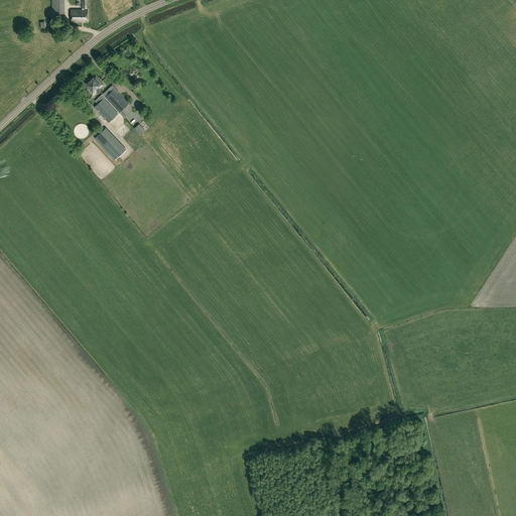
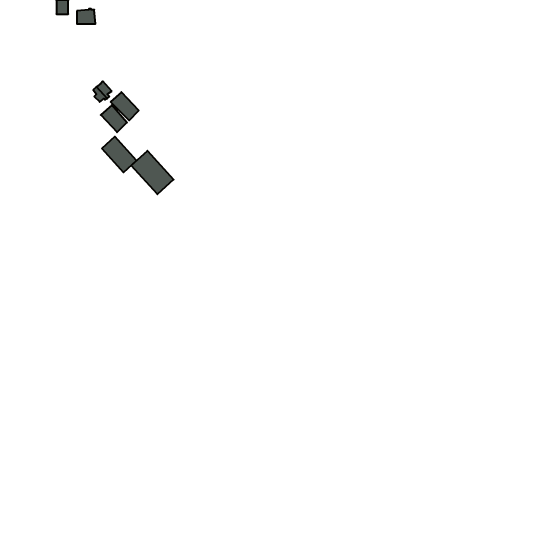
building: none -> [131,151,174,194]

